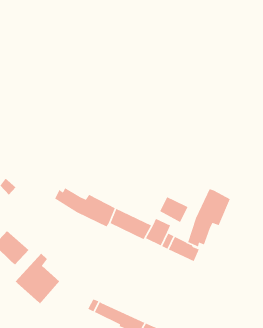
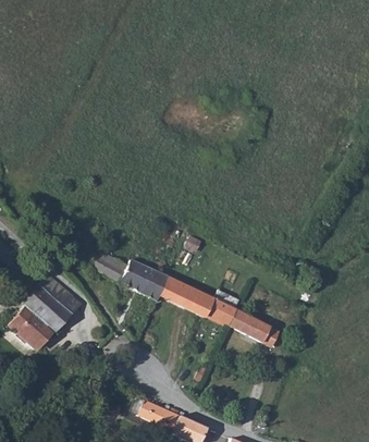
building: [187,188,231,247] -> none
building: [159,196,189,223] -> none
building: [15,253,60,305] -> [23,265,83,333]

